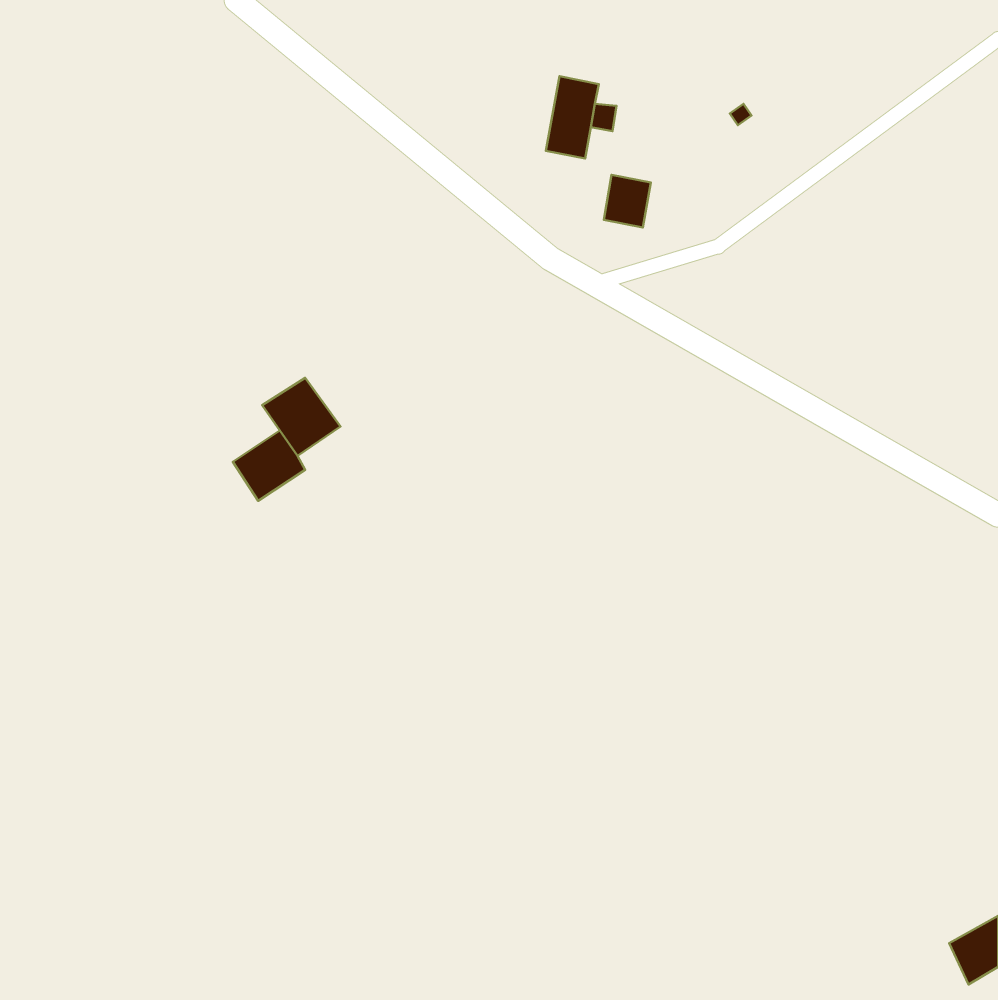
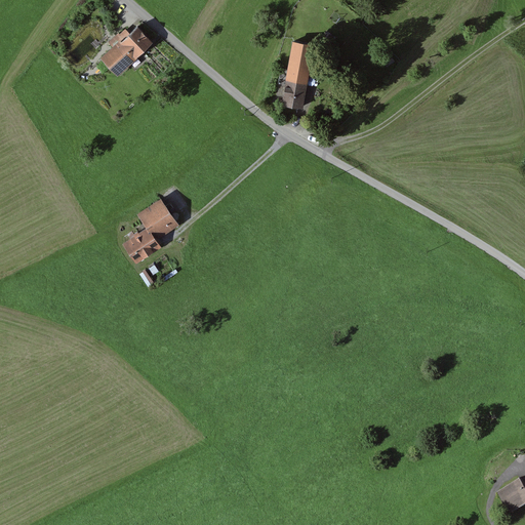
building: none -> [99,25,152,75]
building: [604,175,651,228] -> [282,79,307,107]

